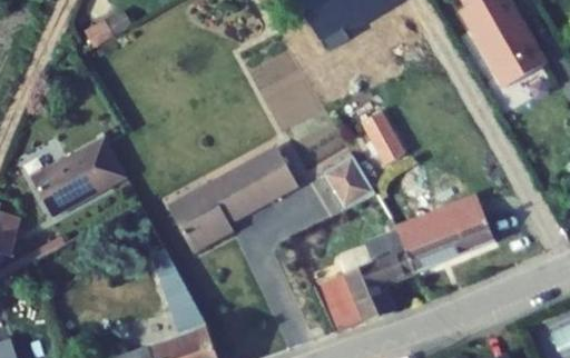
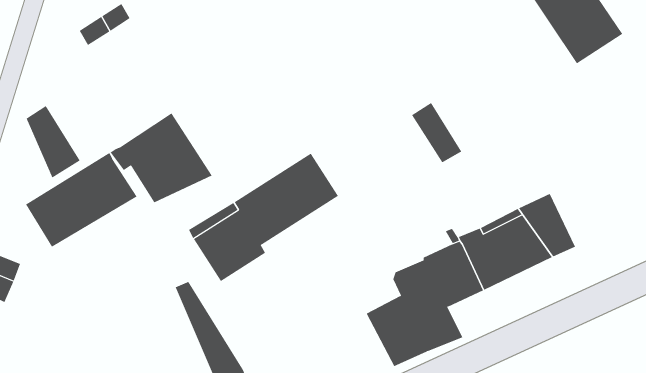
building: none -> [26,105,80,179]
building: none -> [110,112,212,203]
building: [322,155,376,209] -> none

